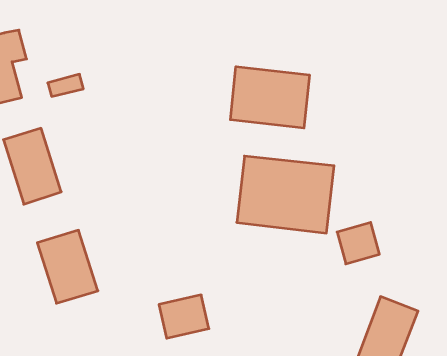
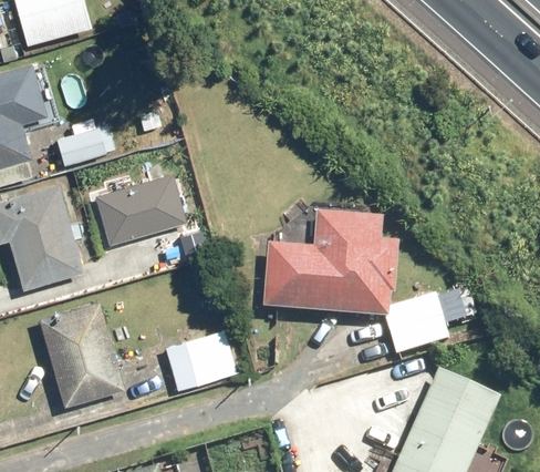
building: [230,67,309,128] -> none
building: none -> [108,182,179,238]
building: [159,295,209,338] -> [174,334,231,383]

